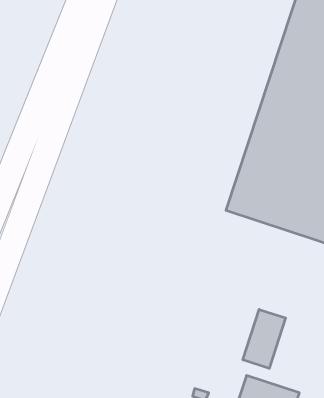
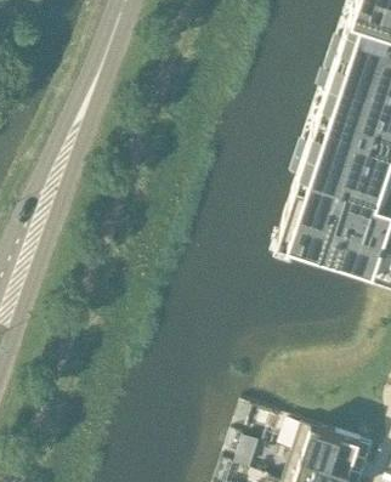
building: [243,309,286,368] -> none

